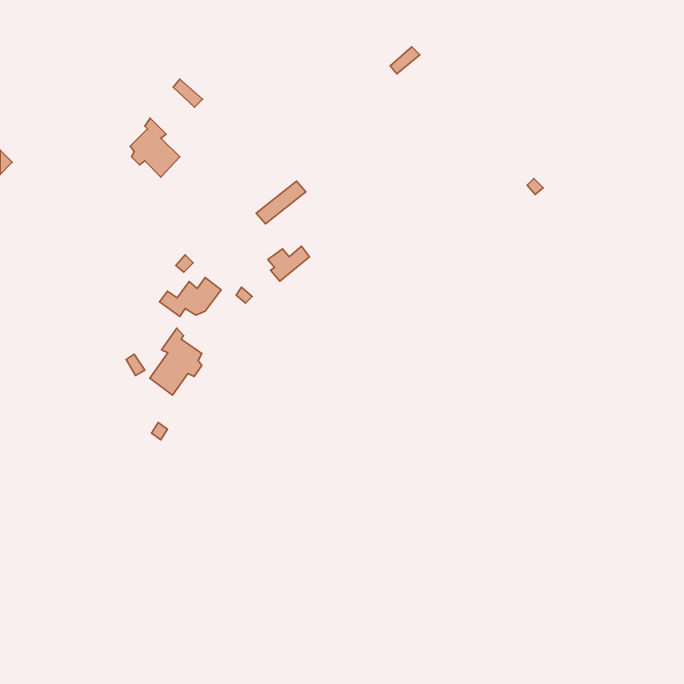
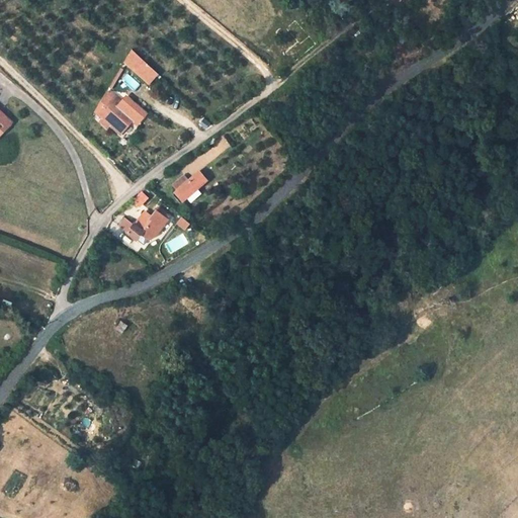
building: [268,246,309,281] -> [174,171,205,197]
building: [150,328,202,395] -> none

